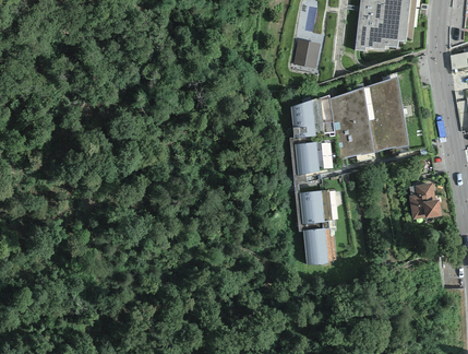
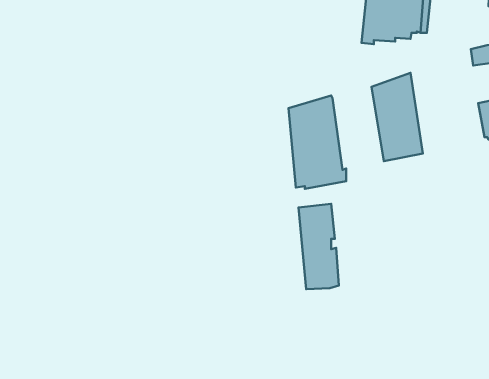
building: [292,39,321,69] -> none
building: [329,87,374,160] -> none
building: [407,182,442,219] -> none

